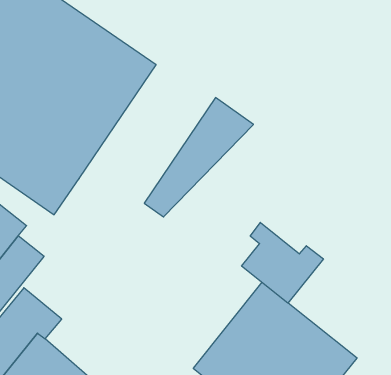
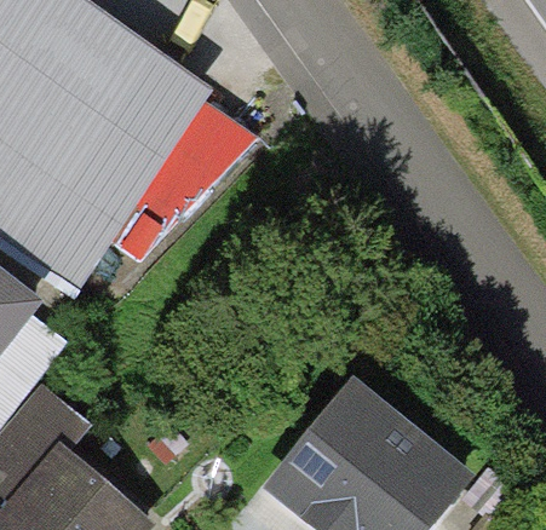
building: [144,98,253,217] -> [113,100,255,257]
building: [242,222,323,303] -> none

